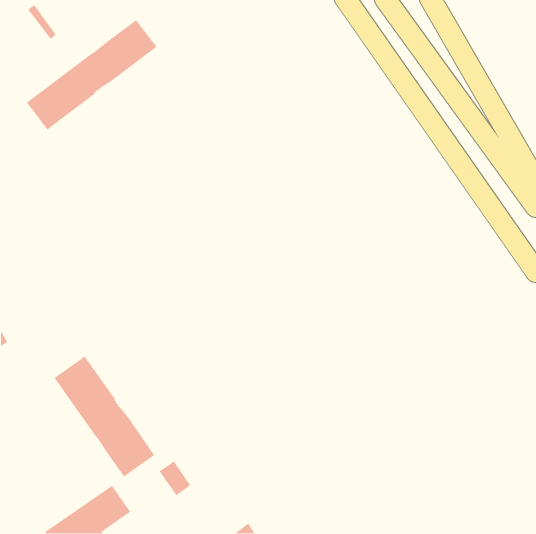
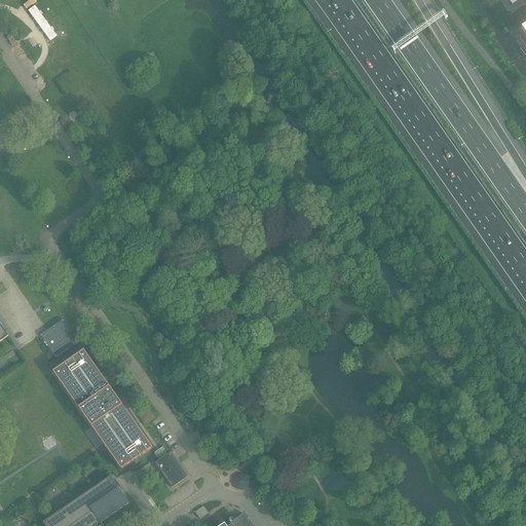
building: [26,19,157,130] -> none
building: none -> [40,318,78,356]

